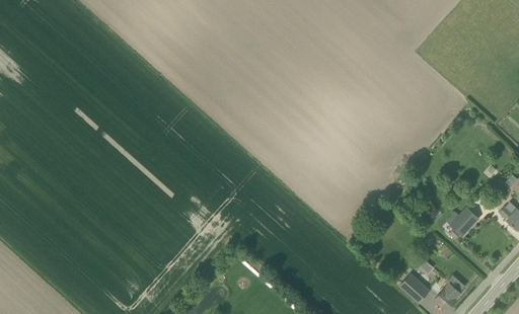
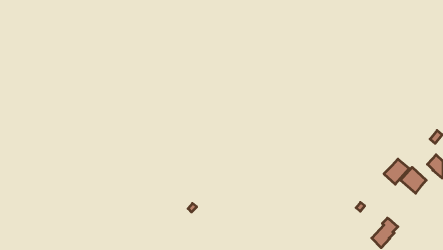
building: none -> [401,167,426,193]
building: [399,273,429,303] -> none

